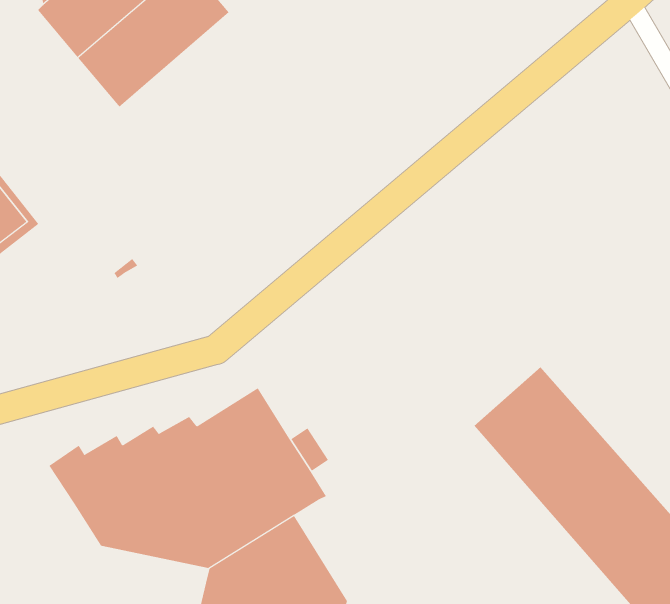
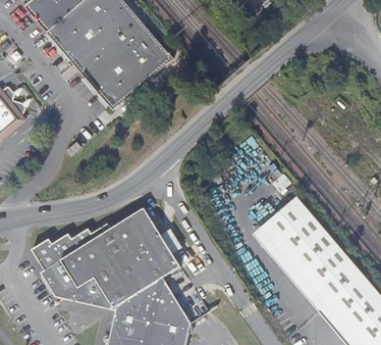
building: none -> [68,7,171,108]
building: none -> [40,270,116,309]

